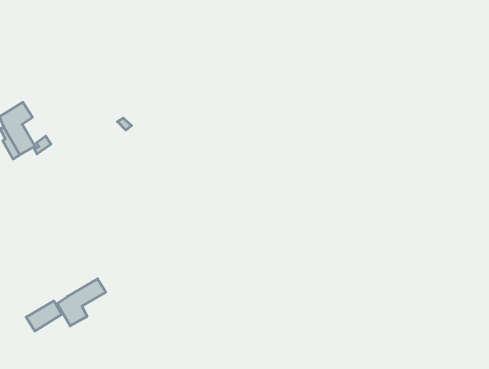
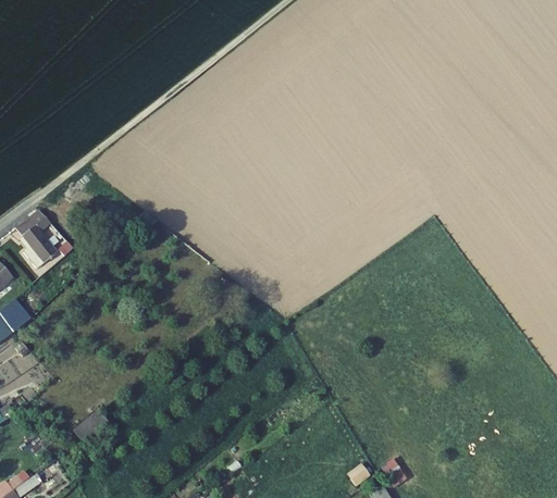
building: [57,279,106,326] -> none

